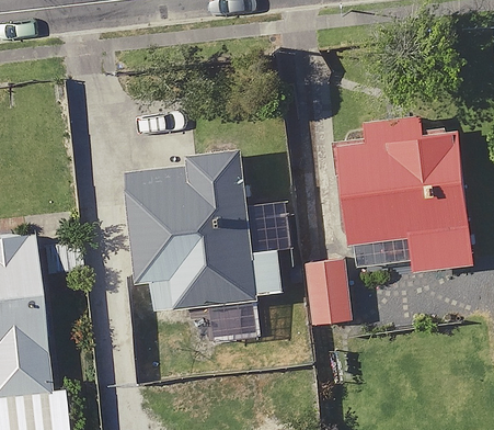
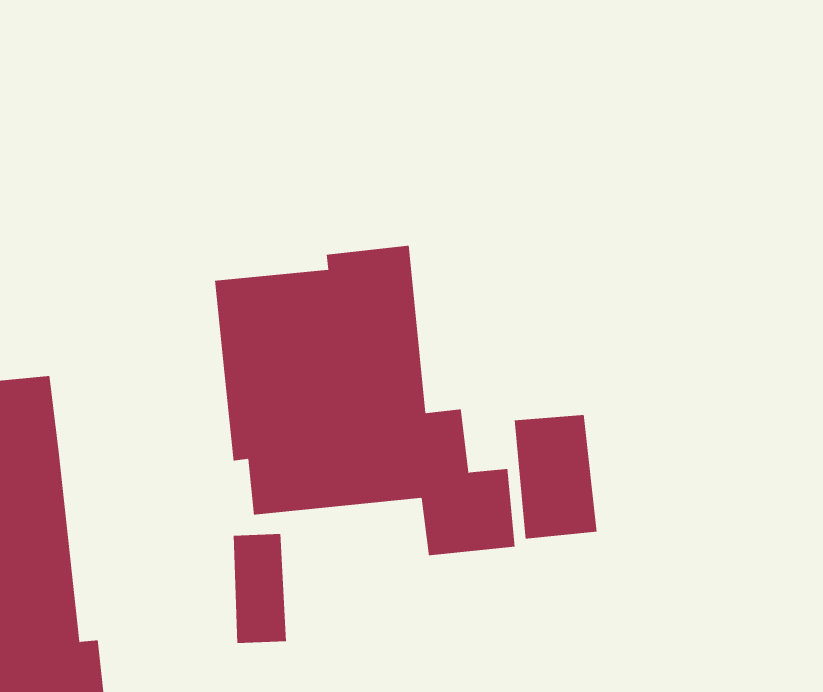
building: [342,117,471,265] -> none

